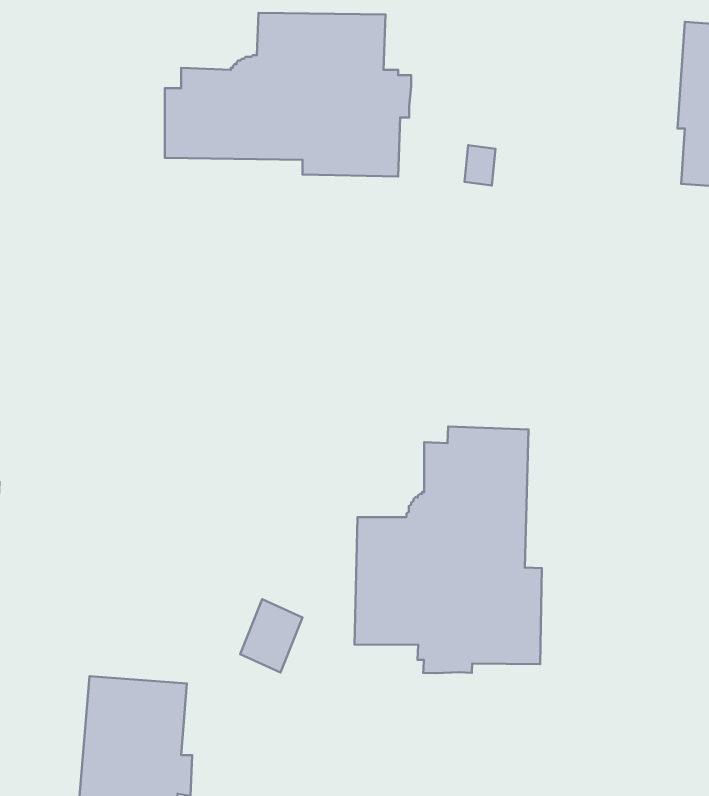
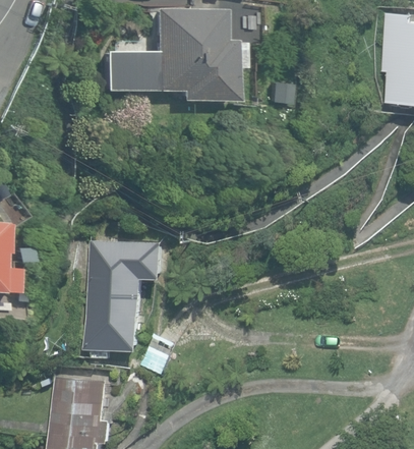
building: [355,426,542,673] -> none
building: none -> [87,241,162,349]

